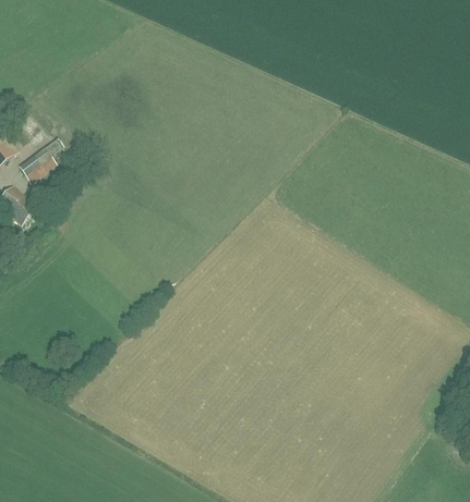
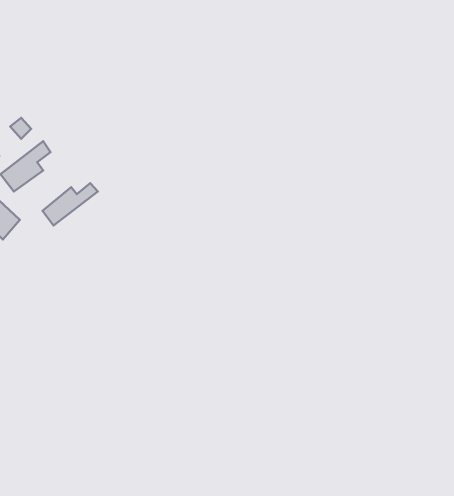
building: none -> [43,183,98,226]

